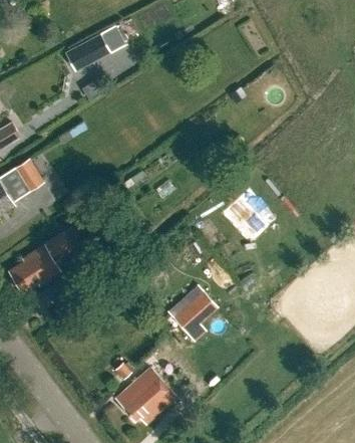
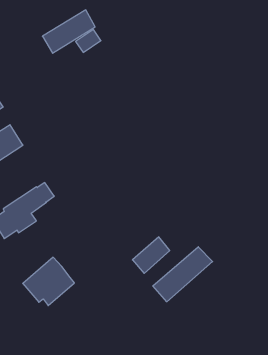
building: none -> [153,247,213,302]
building: [113,368,174,425] -> [23,257,74,306]

